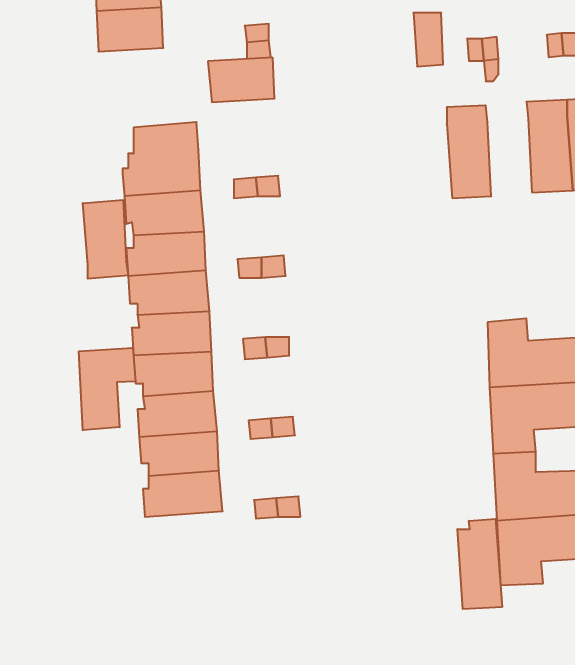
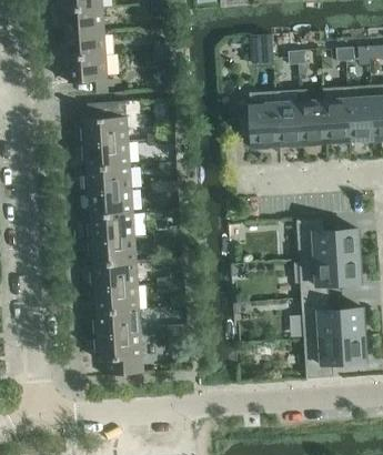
building: [208,58,275,102] -> [67,55,107,82]
building: none -> [239,91,279,148]
building: none -> [300,98,326,144]
building: [83,200,128,279] -> none
building: [79,348,135,430] -> none
building: none -> [94,333,143,374]
building: [457,519,502,609] -> none

